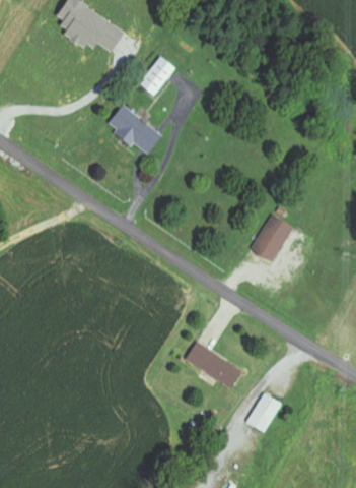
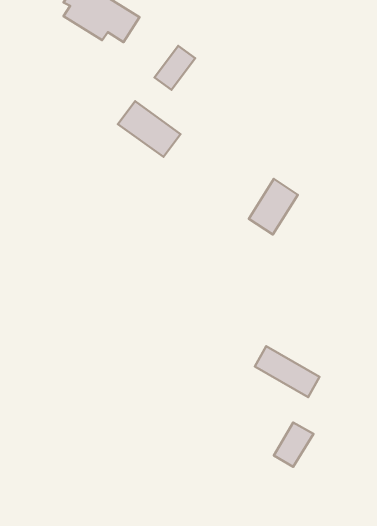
building: [250,212,293,262] -> [249,179,298,235]
building: [185,342,242,387] -> [255,346,320,397]

